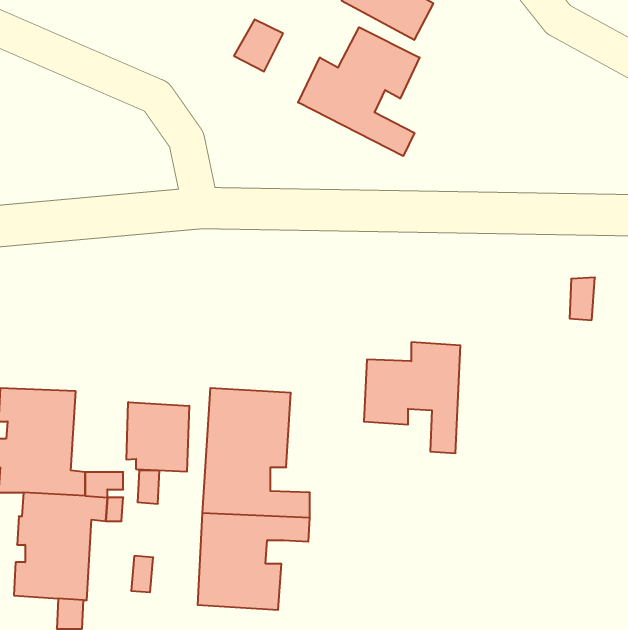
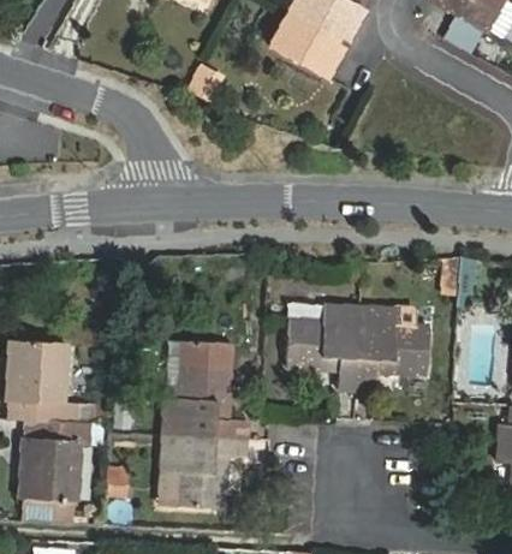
building: [298,27,420,156] -> none
building: none -> [357,308,431,391]
building: [127,402,189,472] -> none

